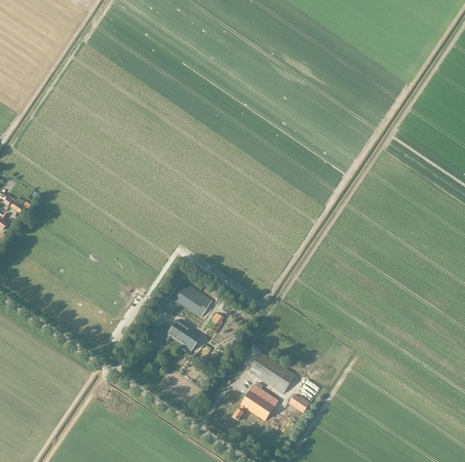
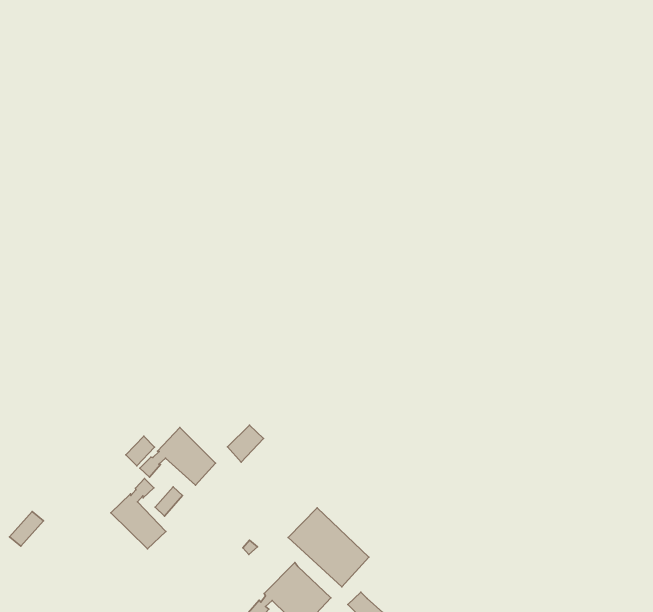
building: [169,279,212,317] -> none
building: none -> [111,479,166,549]

